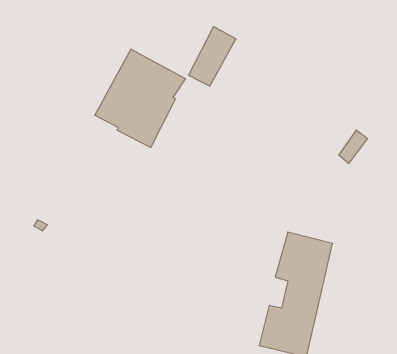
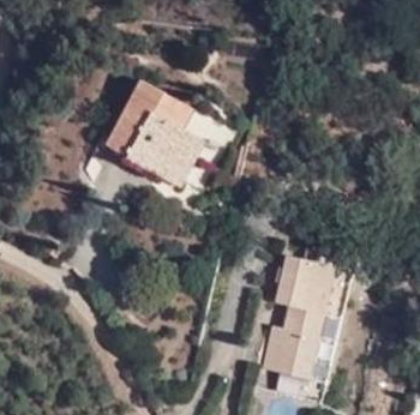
building: [189,27,236,86] -> [161,128,206,186]

